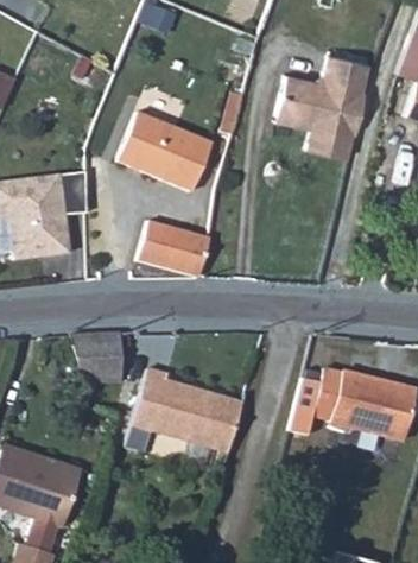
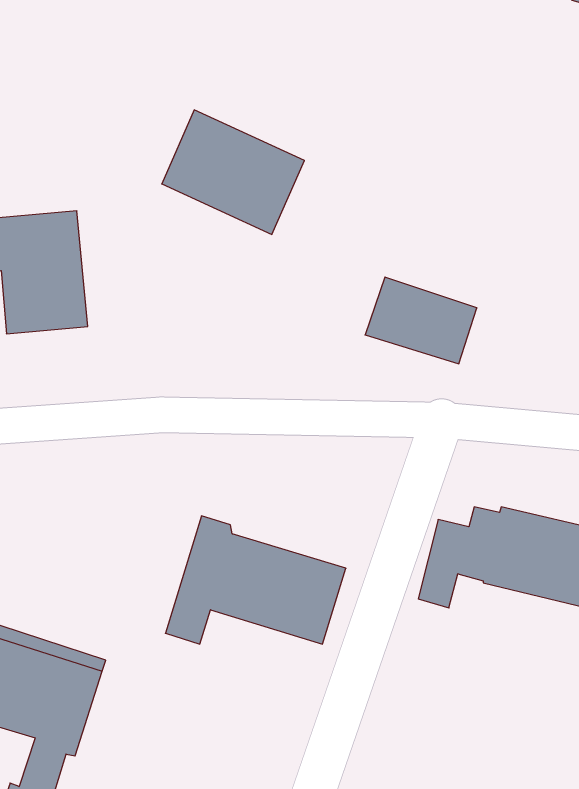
building: [273,52,365,154] -> none
building: [138,219,211,276] -> [365,277,477,364]
building: [71,333,125,384] -> none

